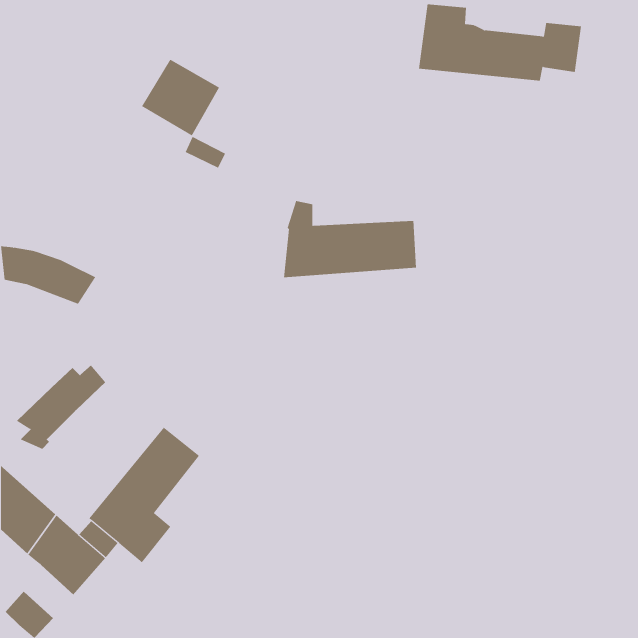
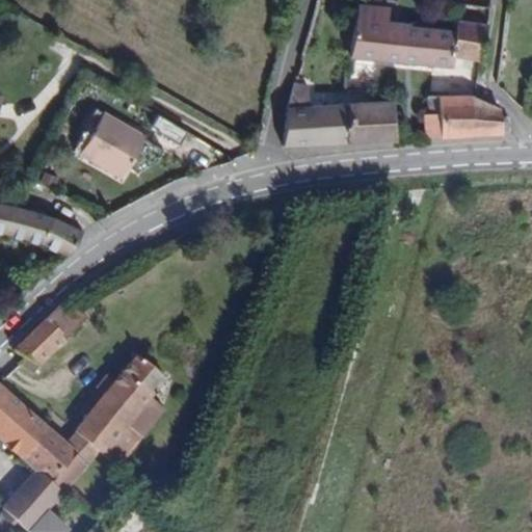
building: [141,59,220,136] -> [79,113,144,178]
building: none -> [422,94,507,138]
building: [283,200,417,278] -> [281,83,392,148]
building: none -> [21,474,61,514]

